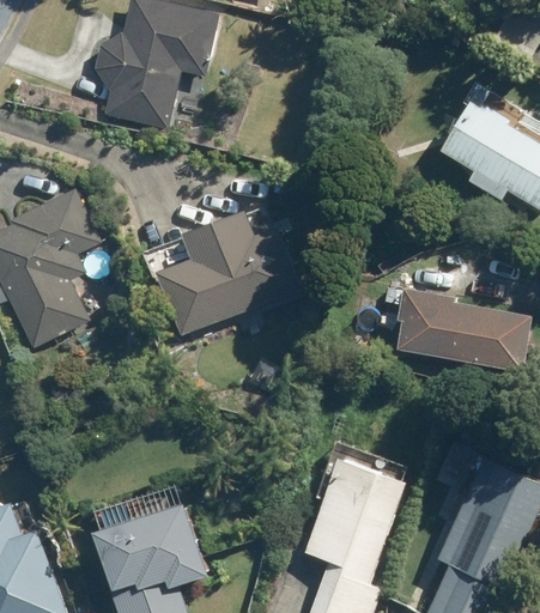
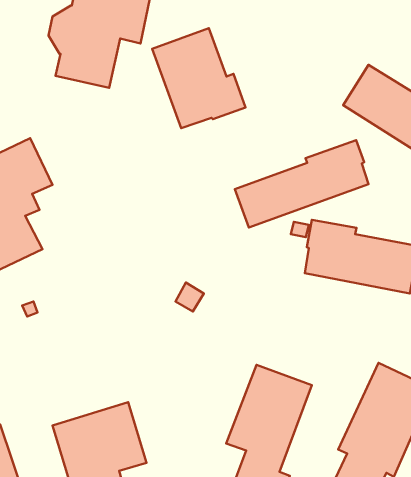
building: none -> [152,28,245,128]
building: none -> [235,140,368,228]
building: [156,211,301,335] -> none

